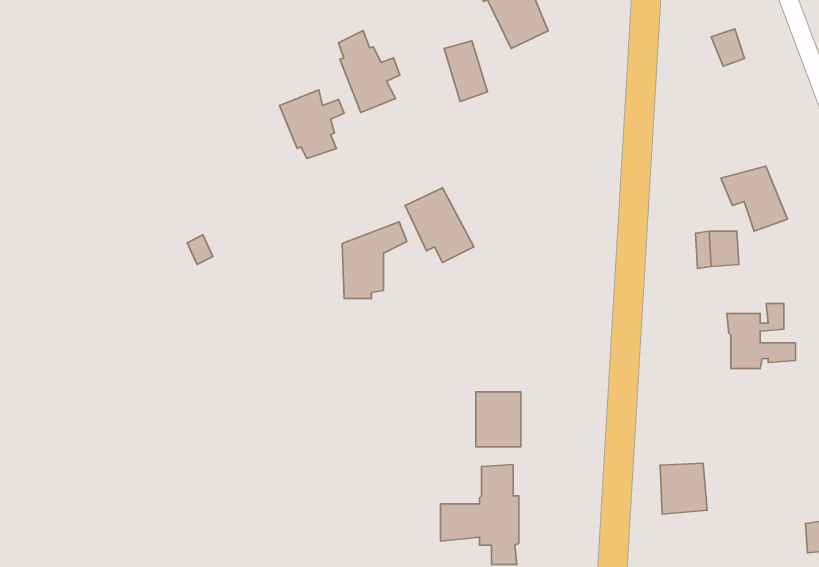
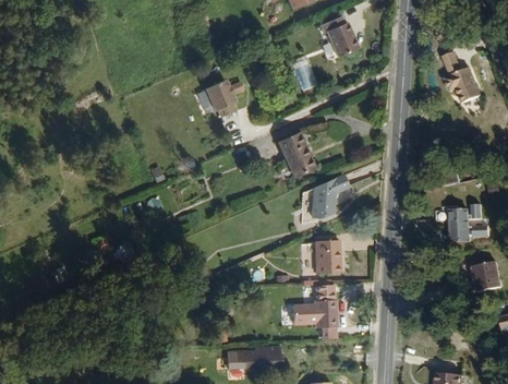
building: [339,31,400,112] -> none
building: [721,166,787,231] -> [448,64,485,100]
building: [342,222,407,298] -> [312,173,348,216]
building: [660,463,707,514] -> [468,265,494,293]

